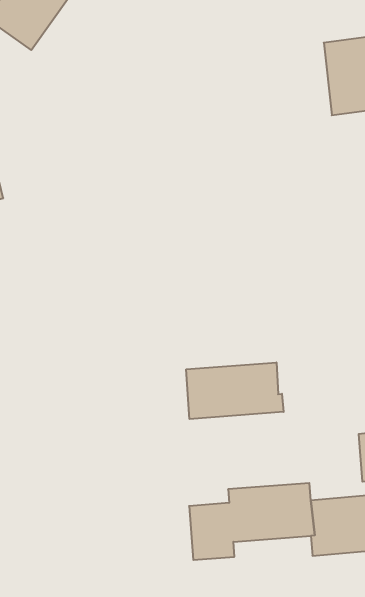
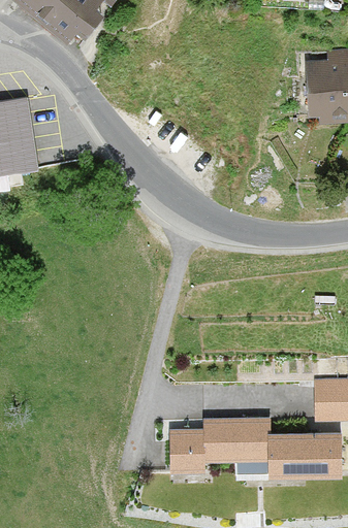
building: [186,362,284,419] -> none

